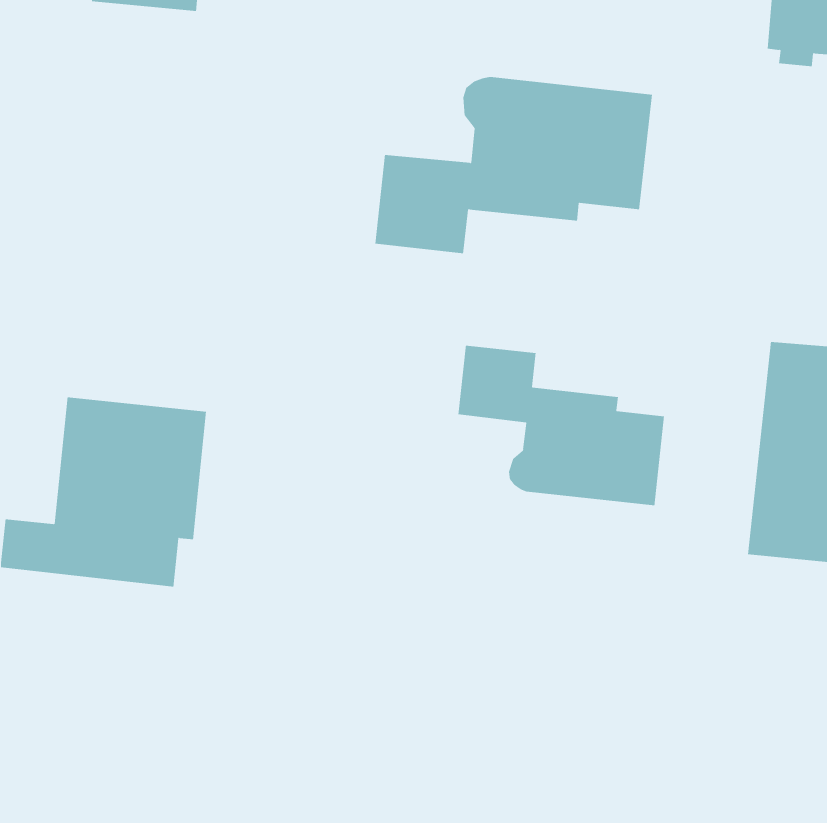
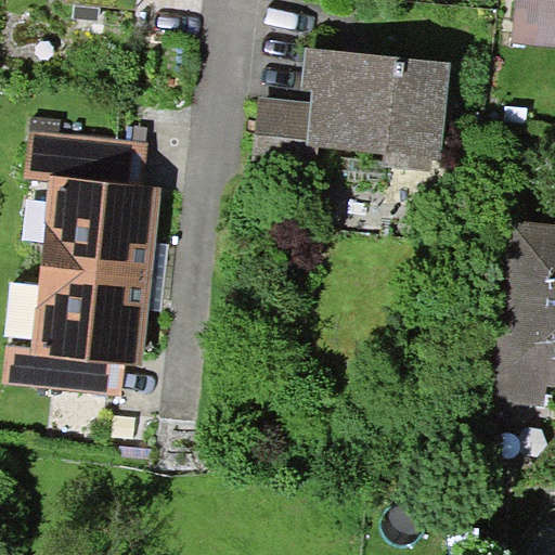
building: none -> [24,116,150,274]
building: [458,345,664,506] -> none

